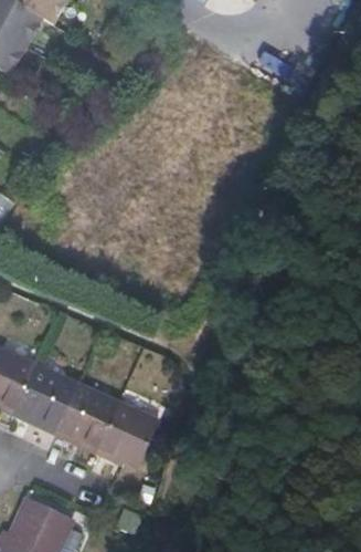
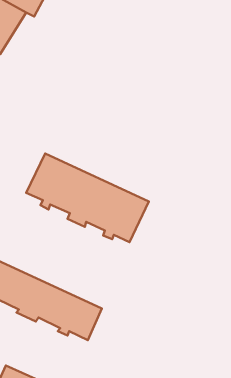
building: none -> [26,153,149,242]

